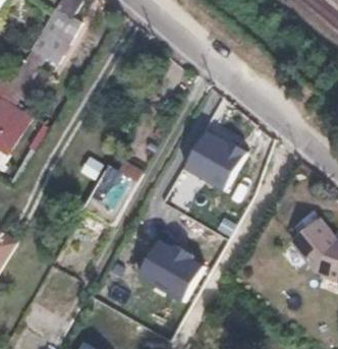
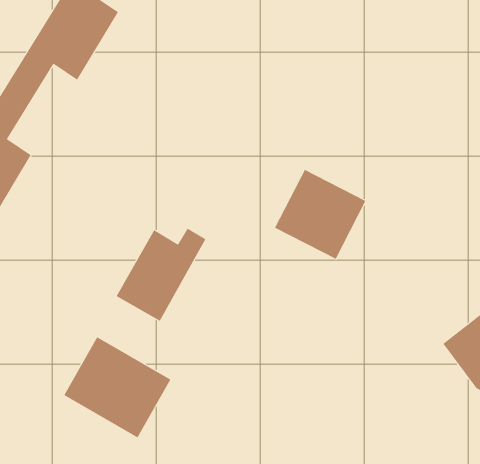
building: [139,235,209,300] -> [63,337,171,438]

